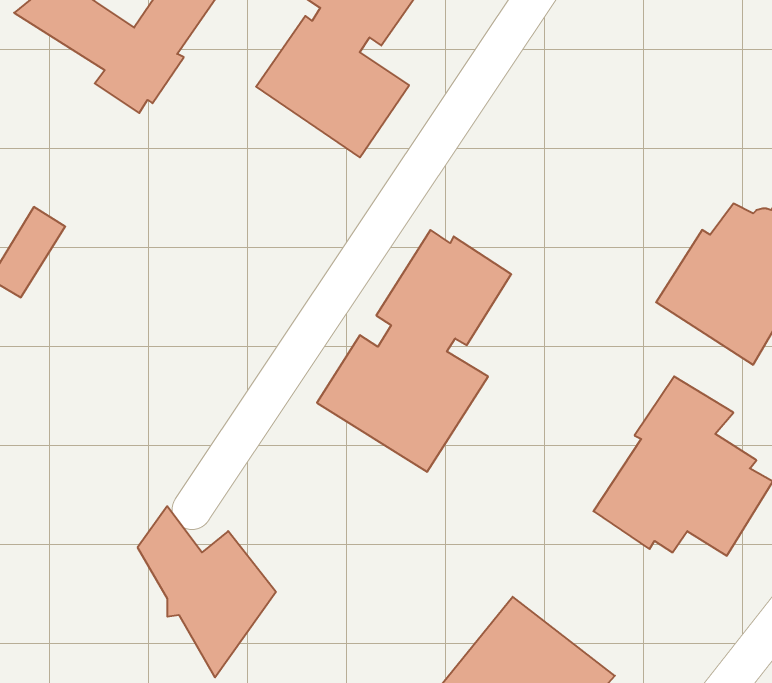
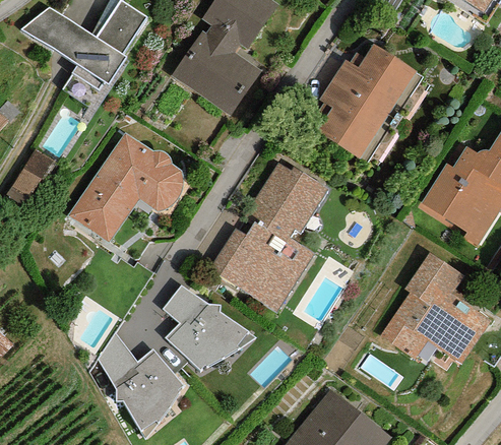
building: none -> [310,43,423,162]
building: none -> [66,132,183,242]
building: none -> [163,285,255,370]

